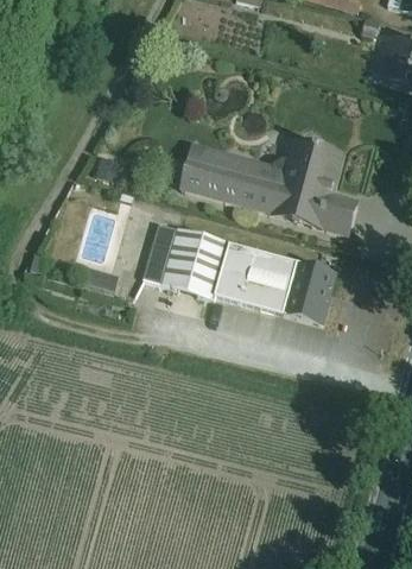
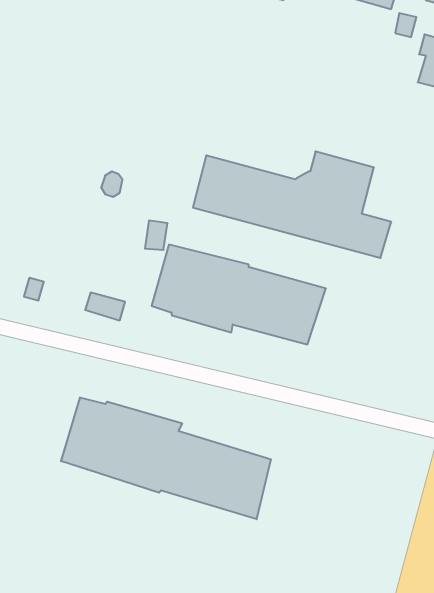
building: [283,261,336,322] -> none
building: none -> [61,397,271,519]

